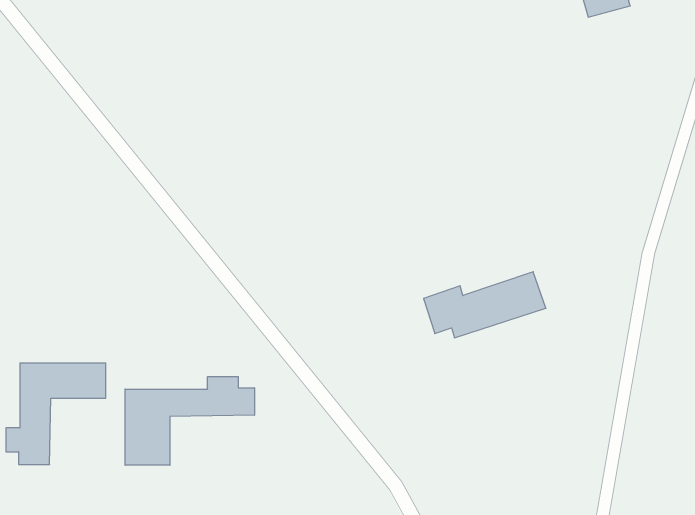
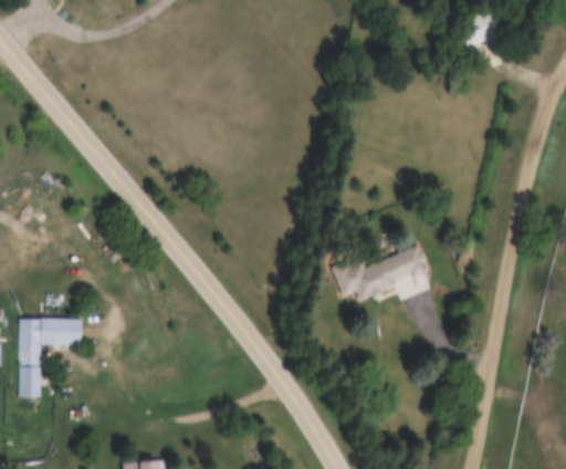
building: [125,377,254,465] -> none

